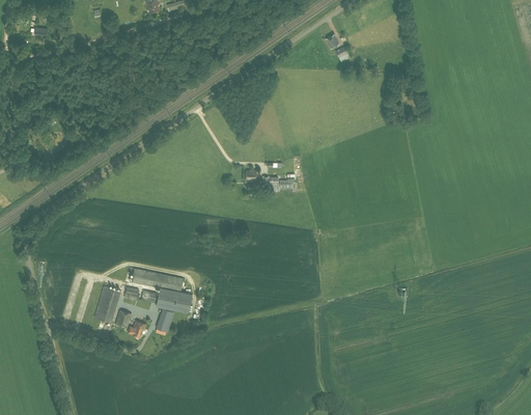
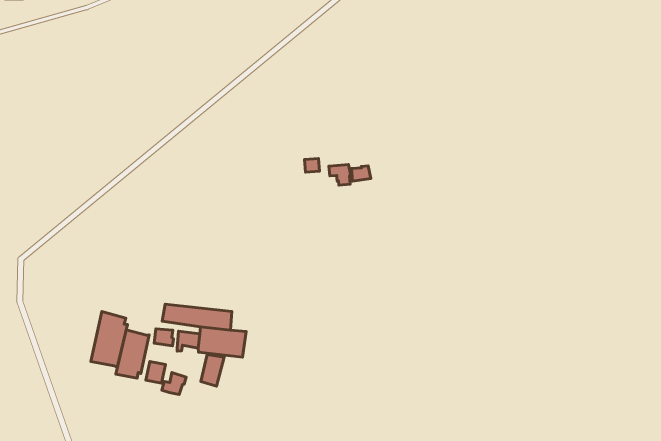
building: none -> [91,311,128,367]

